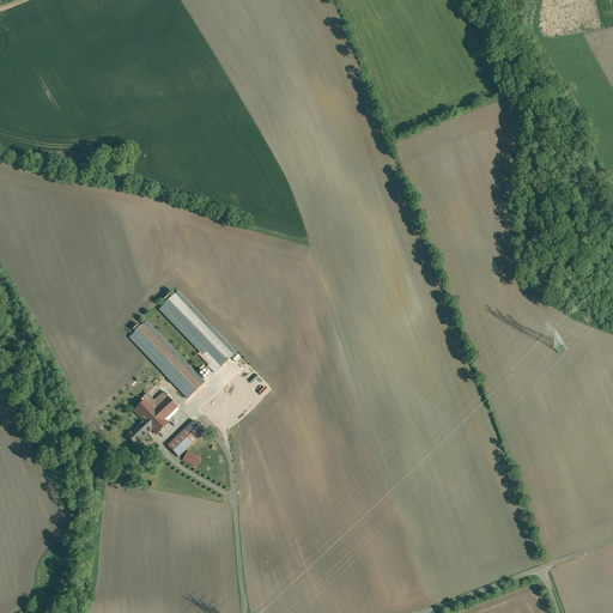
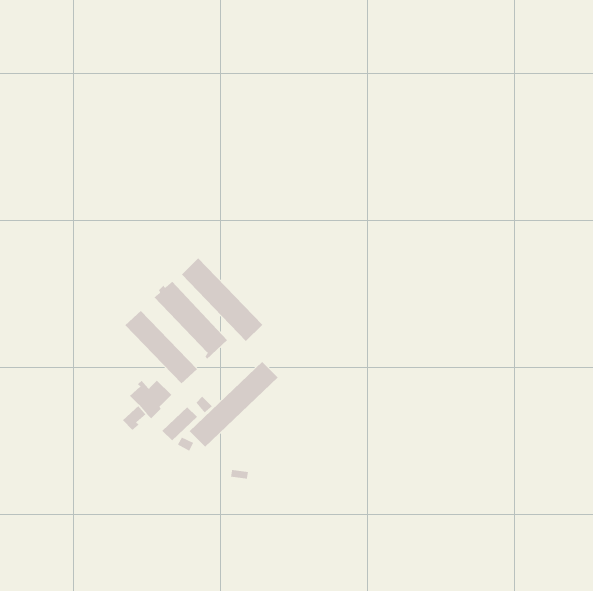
building: none -> [181,257,263,342]
building: none -> [189,361,279,448]

